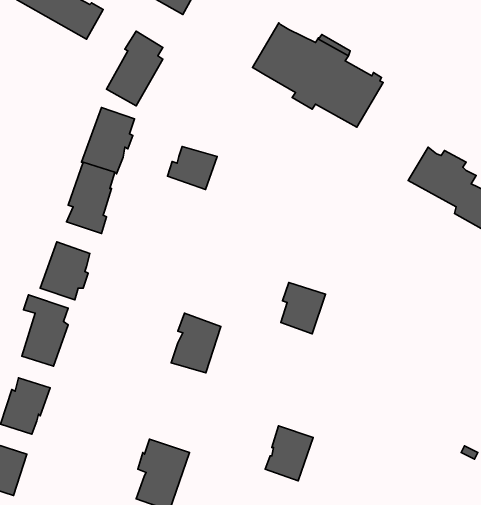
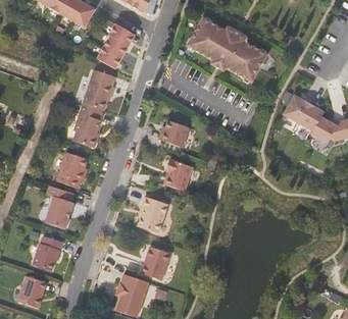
building: [167,146,217,190] -> [158,120,189,147]
building: [281,283,325,334] -> [164,159,192,191]
building: [265,426,313,481] -> [141,246,170,279]

